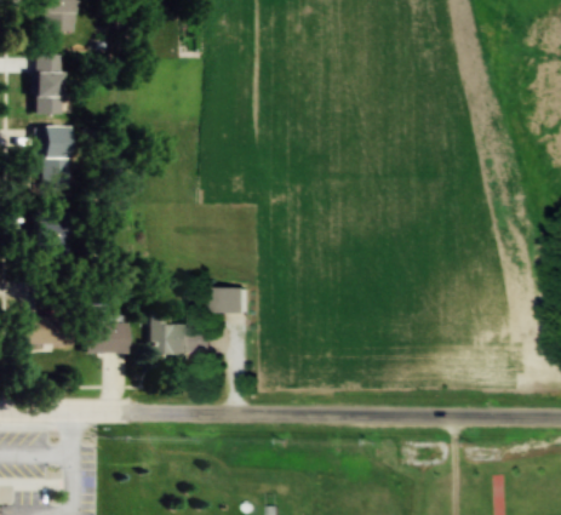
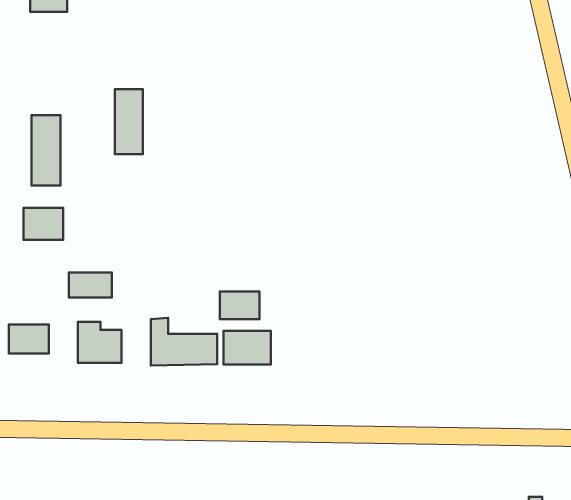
building: [38,56,63,115] -> [115,89,143,154]
building: none -> [69,272,112,297]
building: none -> [224,331,271,365]

